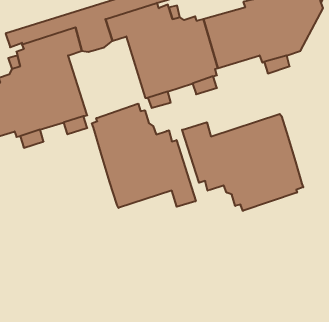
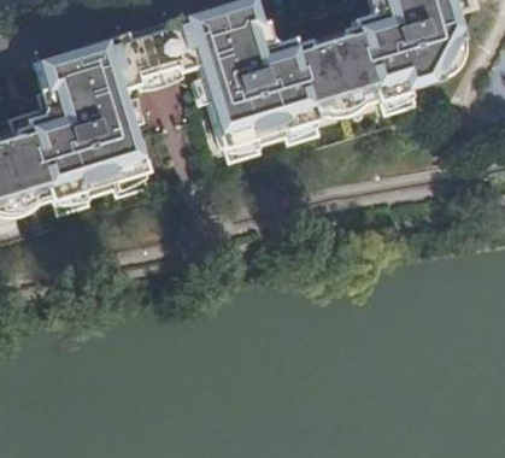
building: [92,104,196,208] -> none
building: [182,114,303,211] -> none

